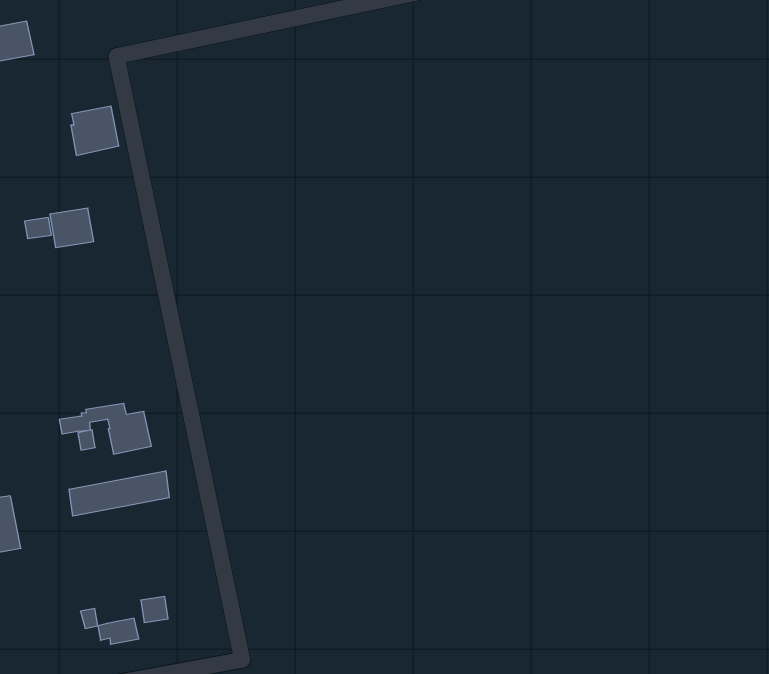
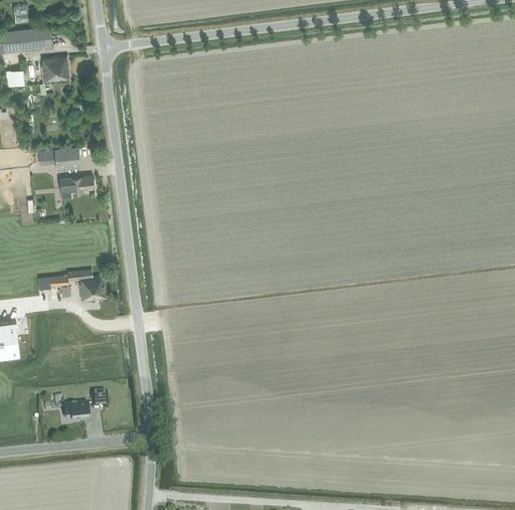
building: [71,106,119,155] -> [40,55,69,84]
building: none -> [58,175,94,198]
building: [69,471,169,516] -> none

